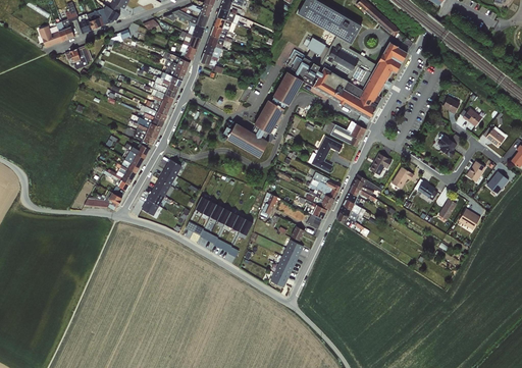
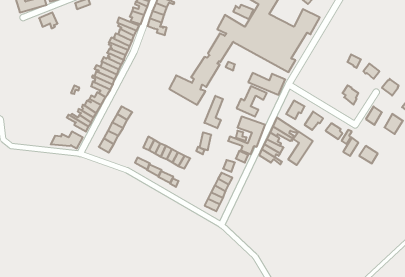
building: none -> [204,96,223,128]
building: none -> [288,131,313,165]

